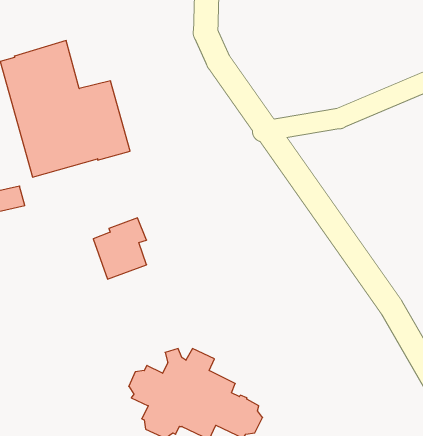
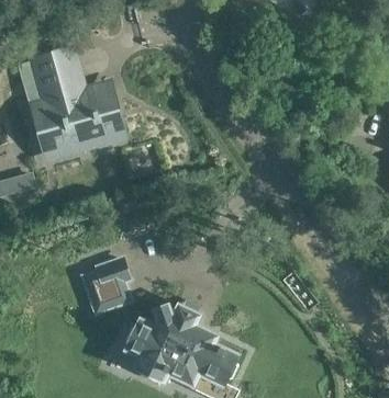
building: [93,218,147,279] -> [82,261,127,312]

